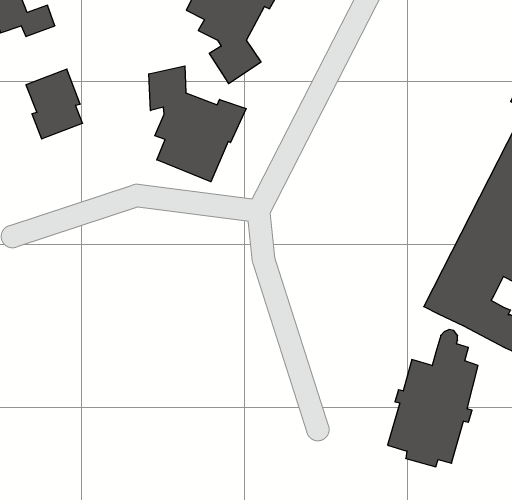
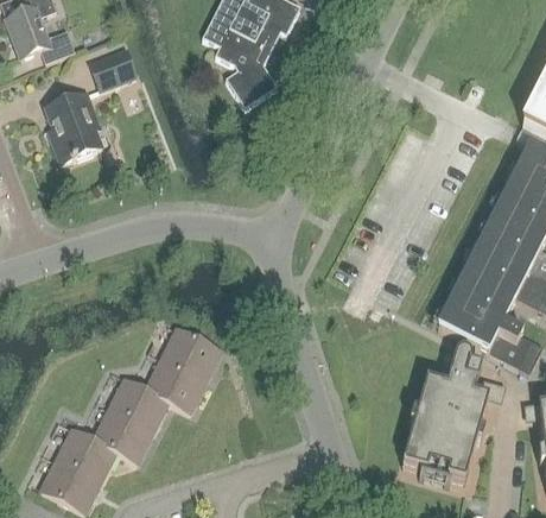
building: none -> [88,49,134,89]
building: [149,66,246,182] -> none
building: none -> [39,327,218,512]

